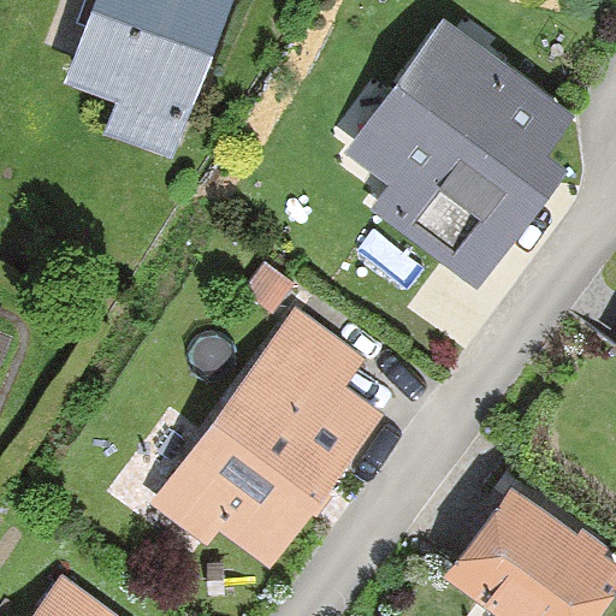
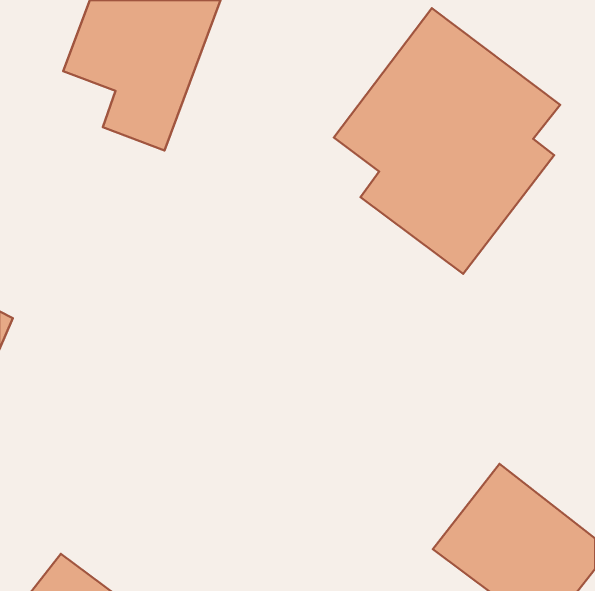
building: [152,313,383,567] -> none

